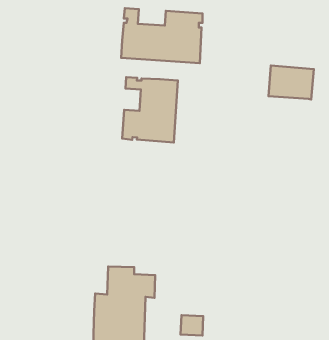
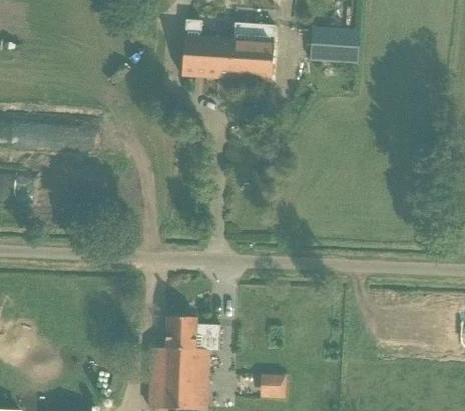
building: [268,66,314,100] -> [309,27,361,66]
building: [122,77,178,143] -> none

